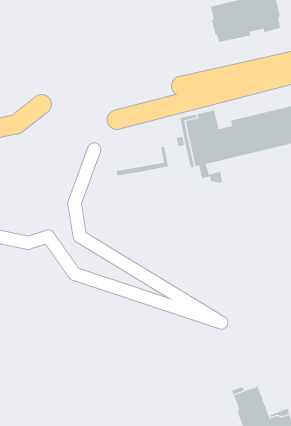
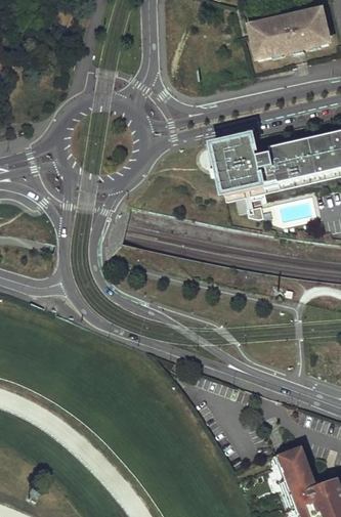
building: [116,146,168,176] -> none

